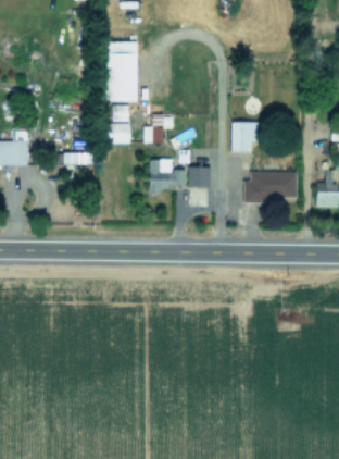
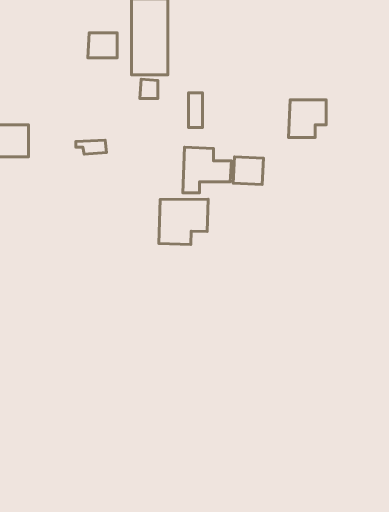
building: [106,124,129,144] -> [88,33,117,58]
building: [243,172,297,201] -> none
building: none -> [159,199,208,245]

